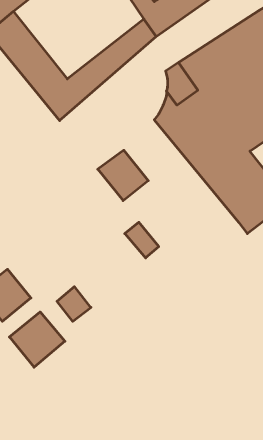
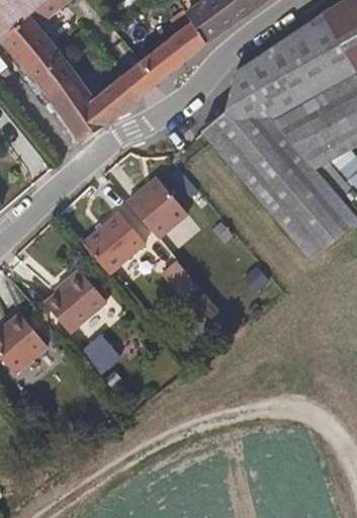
building: none -> [85,208,148,269]
building: none -> [48,270,110,335]
building: [9,312,65,367] -> none

